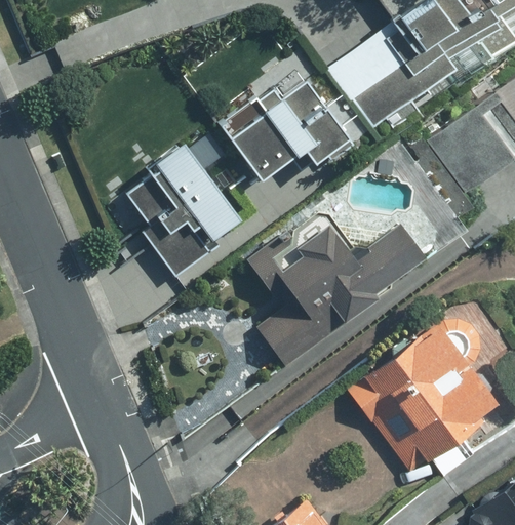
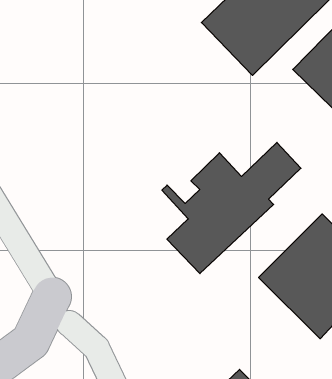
building: [224,65,358,177] -> none
building: [121,138,243,270] -> none

